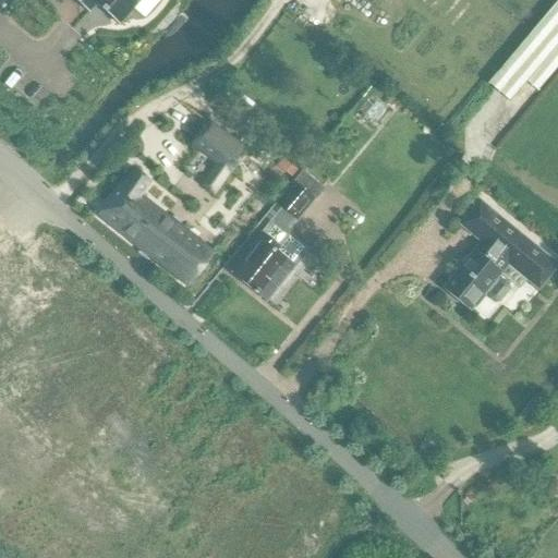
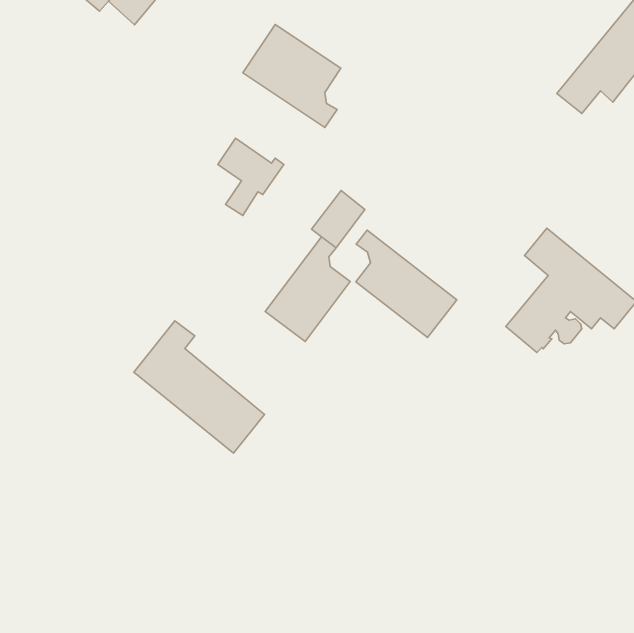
building: none -> [243,24,341,127]
building: [98,169,213,284] -> [134,321,265,453]
building: none -> [356,230,457,338]

